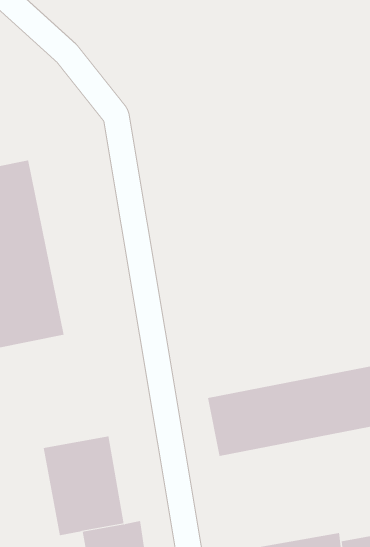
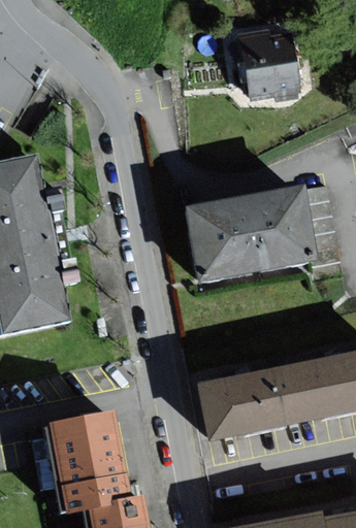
building: none -> [242,28,300,101]
building: none -> [186,187,318,282]

